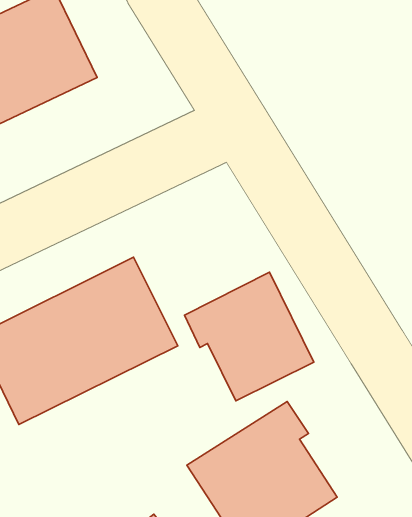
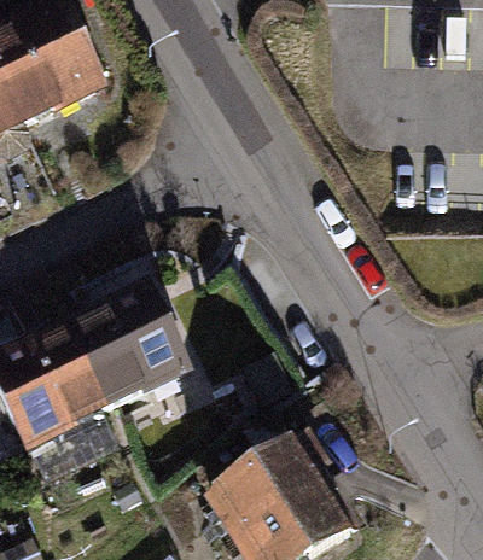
building: [185,272,314,401] -> none

